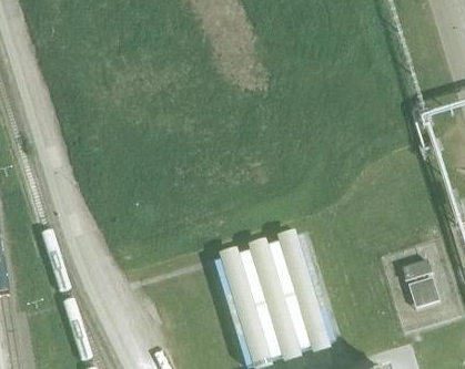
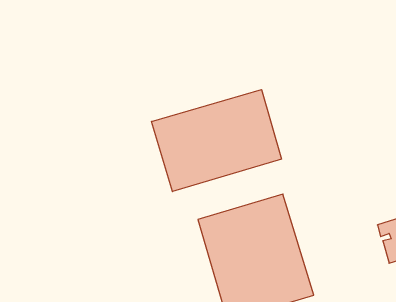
building: none -> [152,90,282,192]

